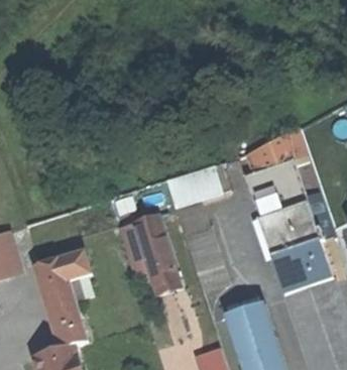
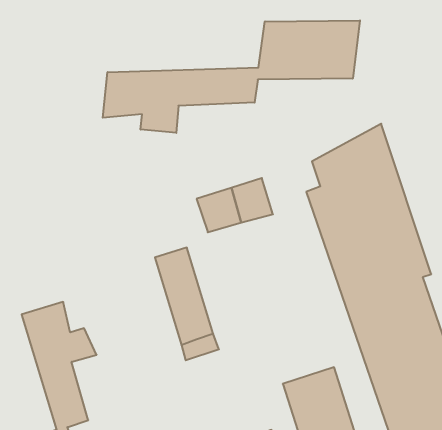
building: none -> [103,20,360,133]

